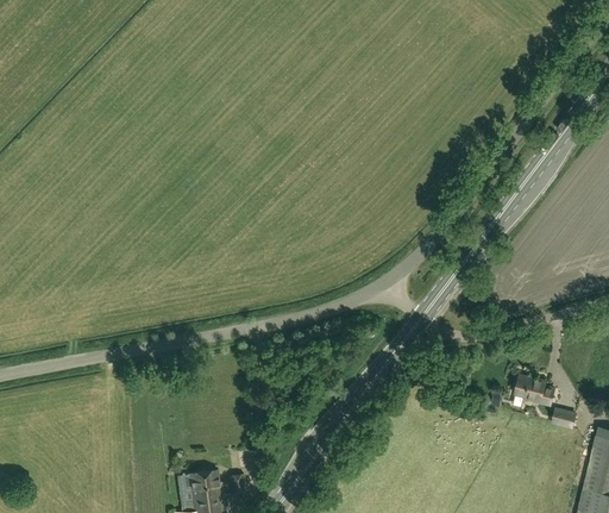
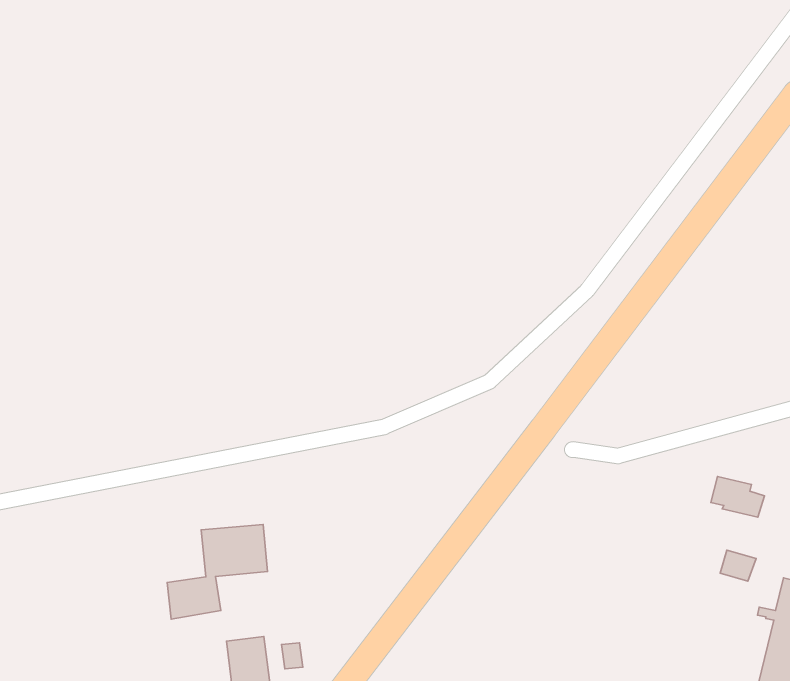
building: [515,376,554,406] -> [711,476,764,517]
building: none -> [167,525,268,619]

